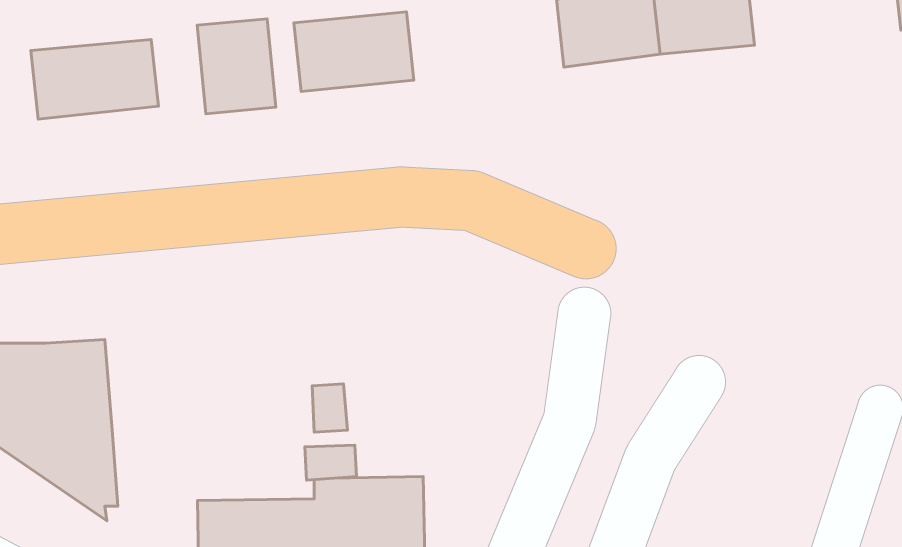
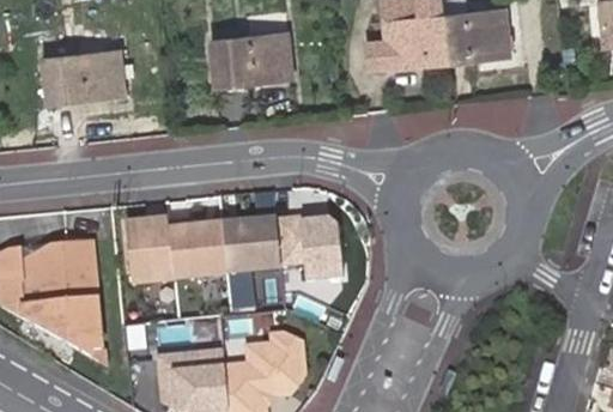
building: [197,19,276,114] -> none
building: none -> [115,208,338,283]

